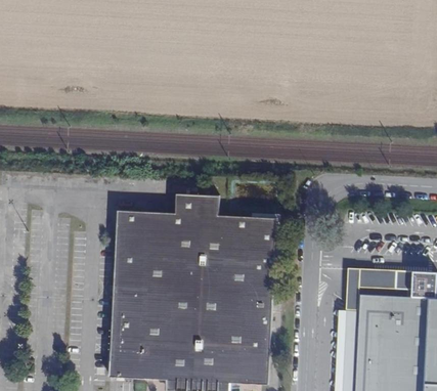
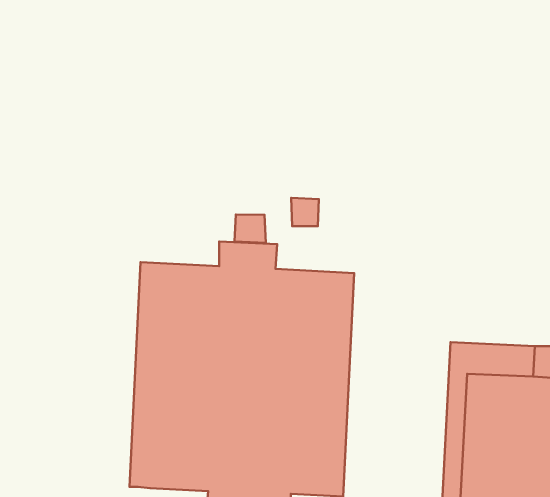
building: none -> [291,198,319,226]
building: none -> [235,214,266,243]

